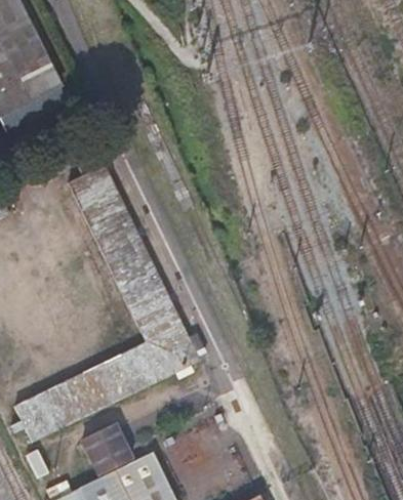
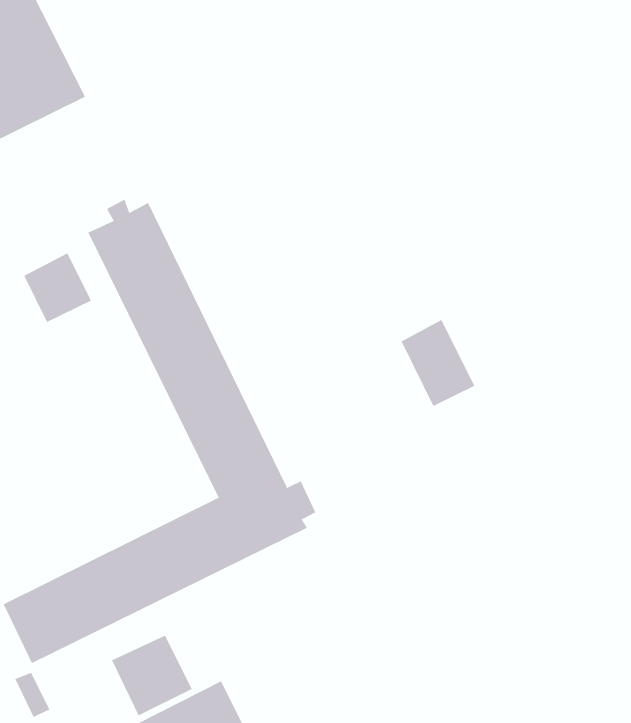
building: none -> [23,253,92,323]
building: none -> [401,319,475,407]

